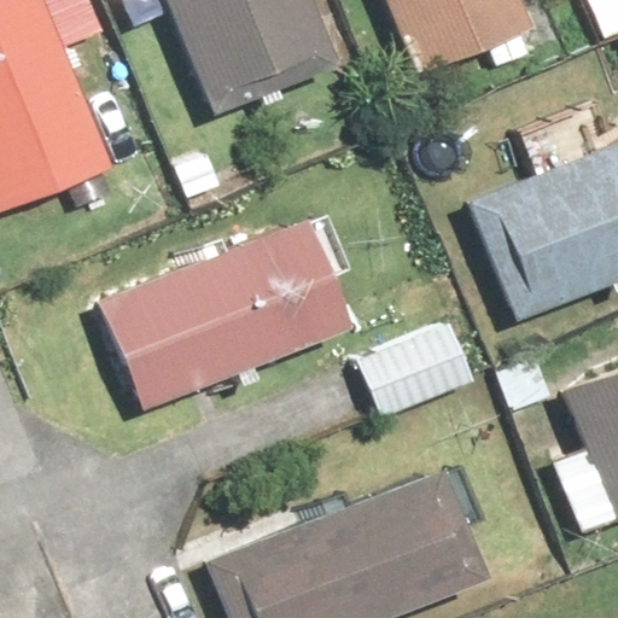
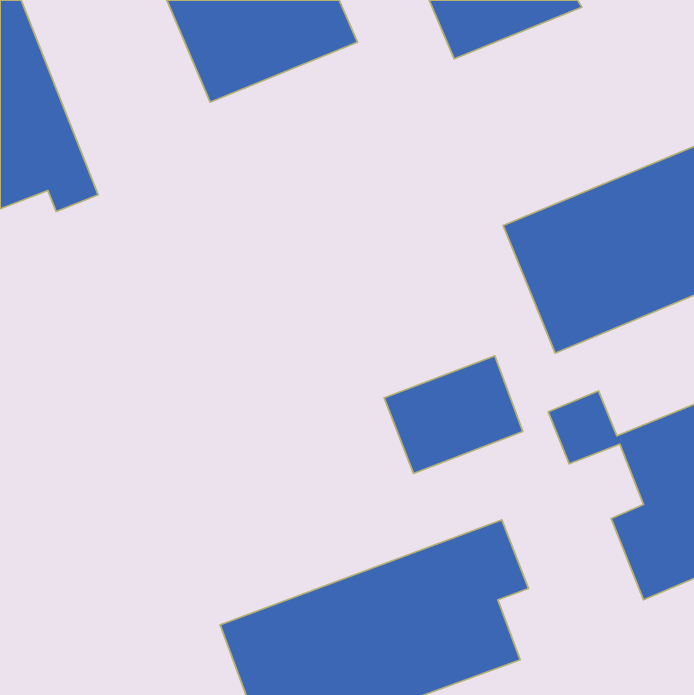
building: [92,208,350,409] -> none

